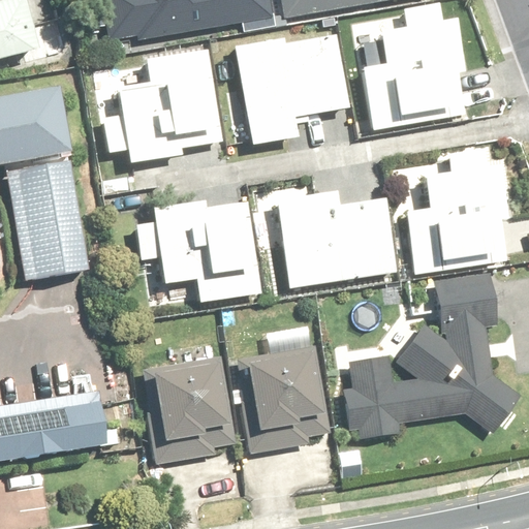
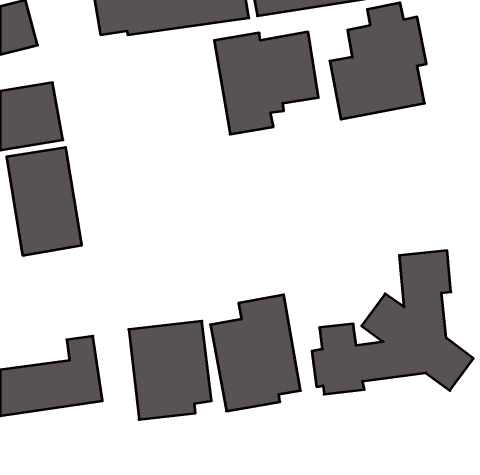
building: [104,51,222,166] -> none
building: [408,152,509,272] -> none
building: [279,193,397,285] -> none
building: [137,205,259,301] -> none

